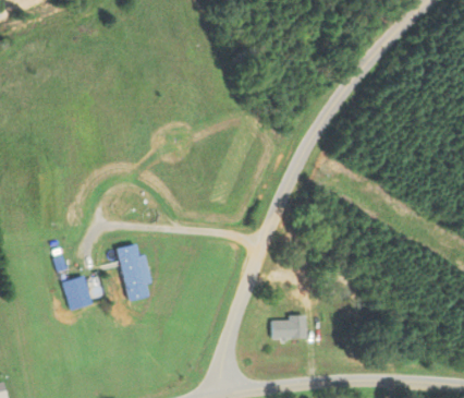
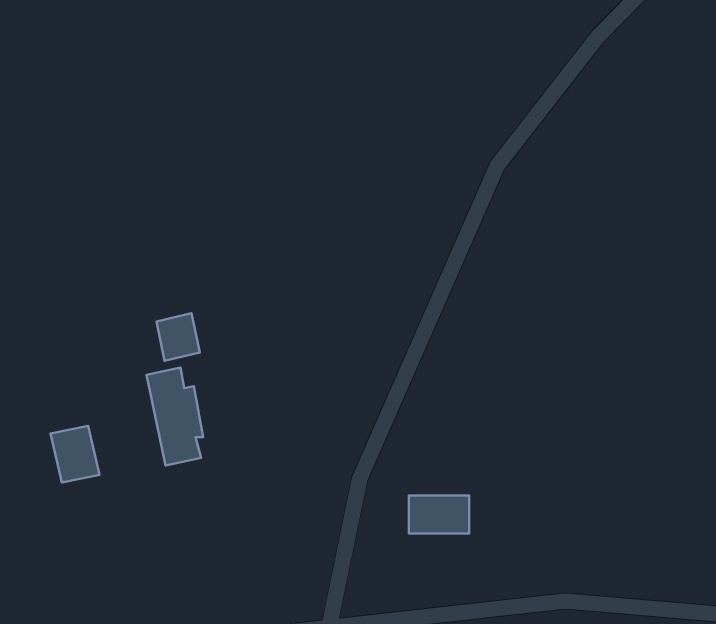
building: none -> [156,313,200,361]

